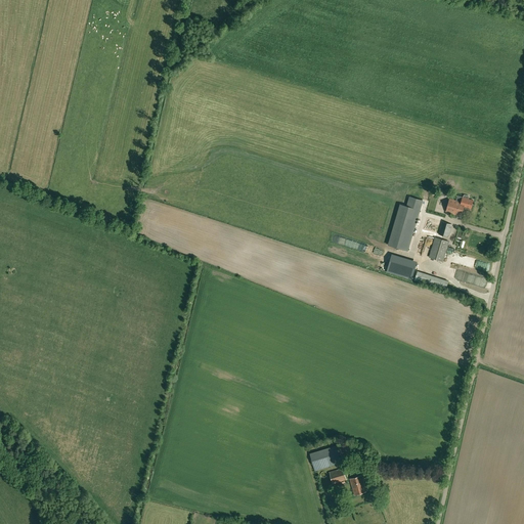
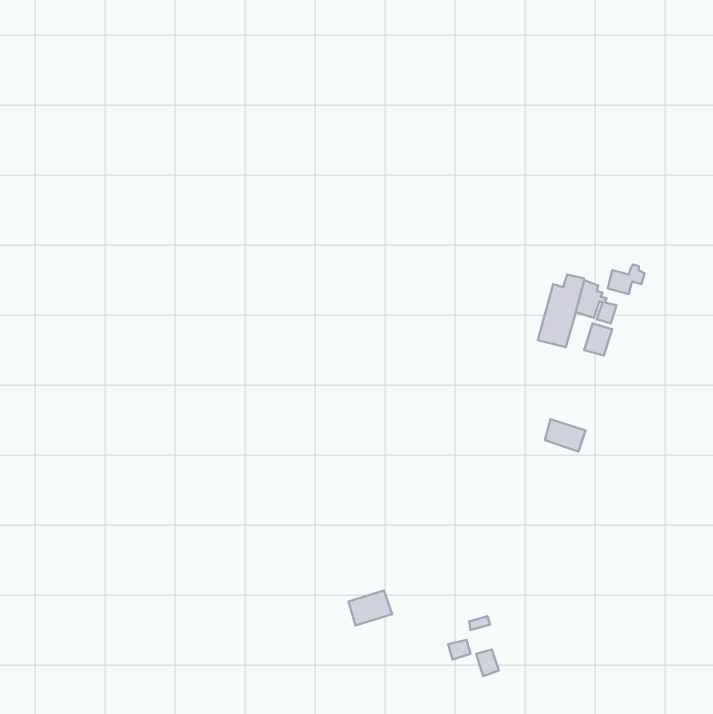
building: [385,255,414,278] -> [545,419,585,452]
building: [308,444,340,470] -> [349,590,392,625]

